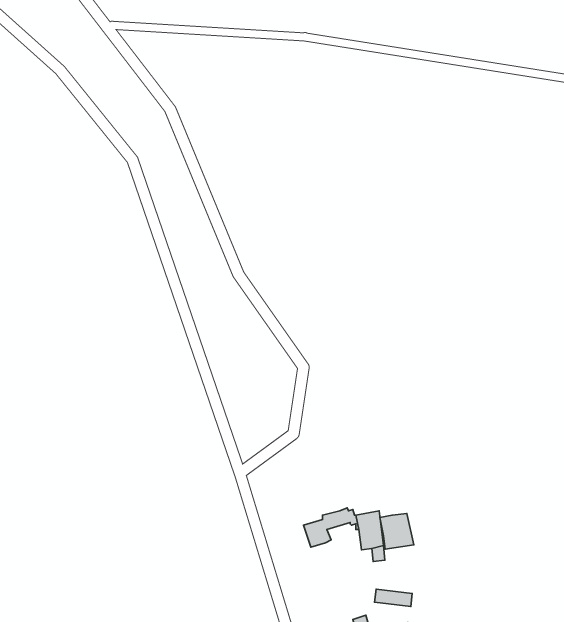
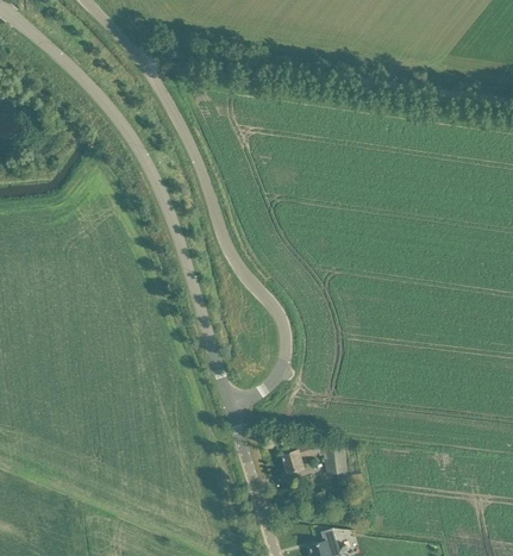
building: [380,514,414,549] -> none

